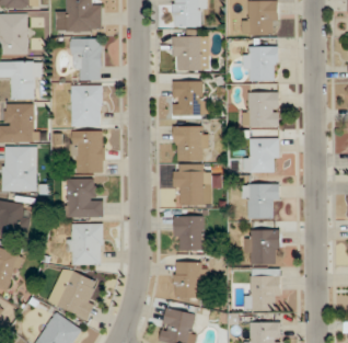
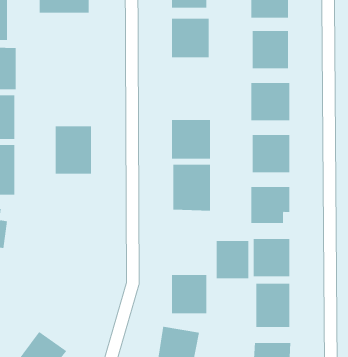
building: [71,38,102,80] -> none
building: [174,81,208,115] -> none
building: [71,85,102,126] -> none
building: [66,179,103,217] -> none
building: [175,216,205,250] -> [216,240,249,279]
building: [69,222,103,264] -> none
building: [50,268,100,318] -> none

